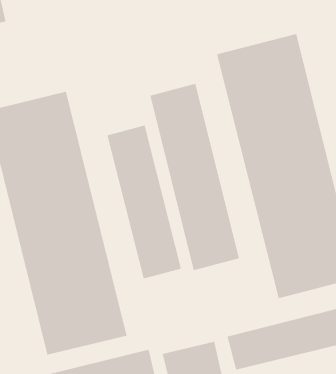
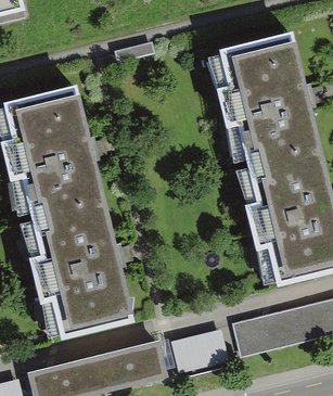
building: [149,83,240,271] -> none
building: [106,124,182,280] -> none

